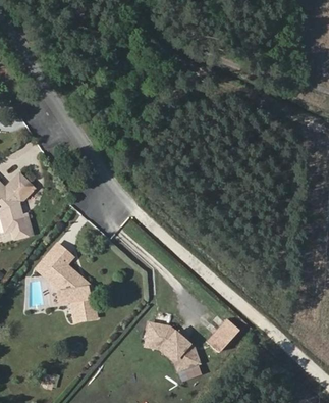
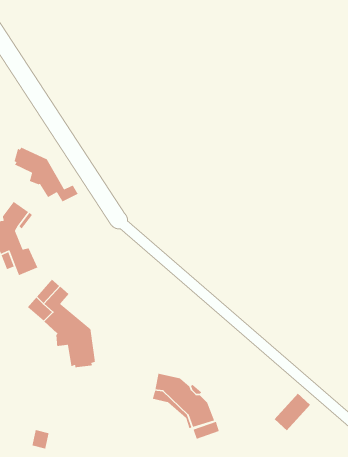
building: none -> [13,146,79,203]
building: [204,319,235,352] -> [274,393,311,431]

